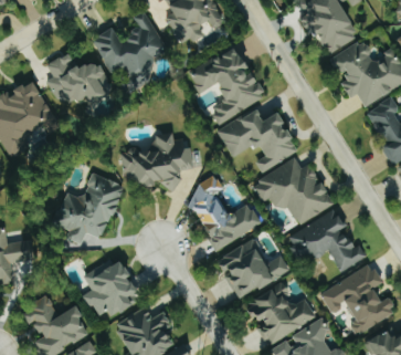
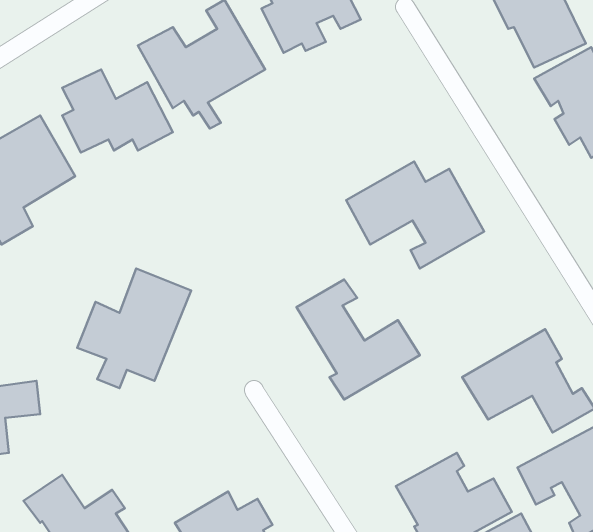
building: [190,45,265,122] -> none
building: [120,132,193,190] -> none
building: [251,157,335,223] -> none
building: [217,238,288,300] -> none
building: [84,259,140,316] -> none

